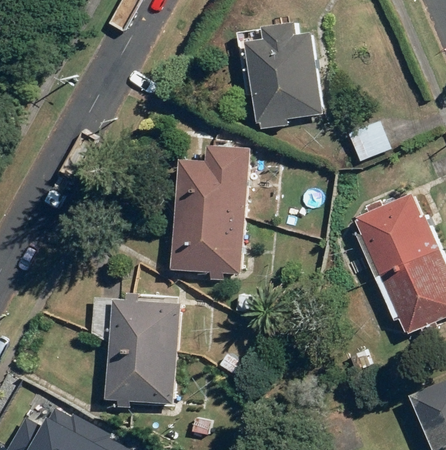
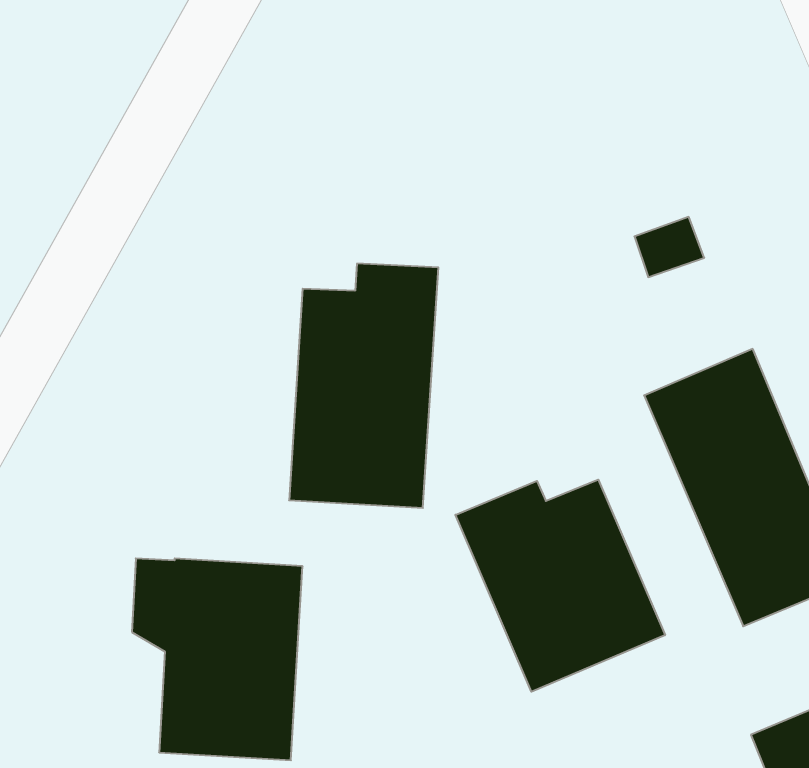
building: [245,23,320,124] -> none
building: none -> [455,480,665,692]

